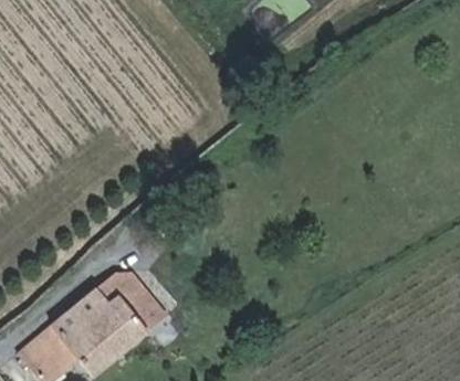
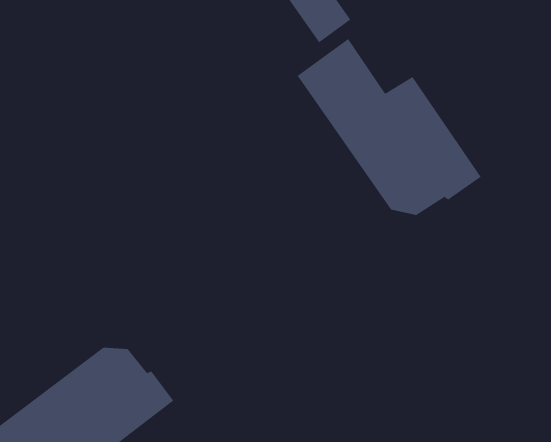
building: none -> [297,38,481,216]

